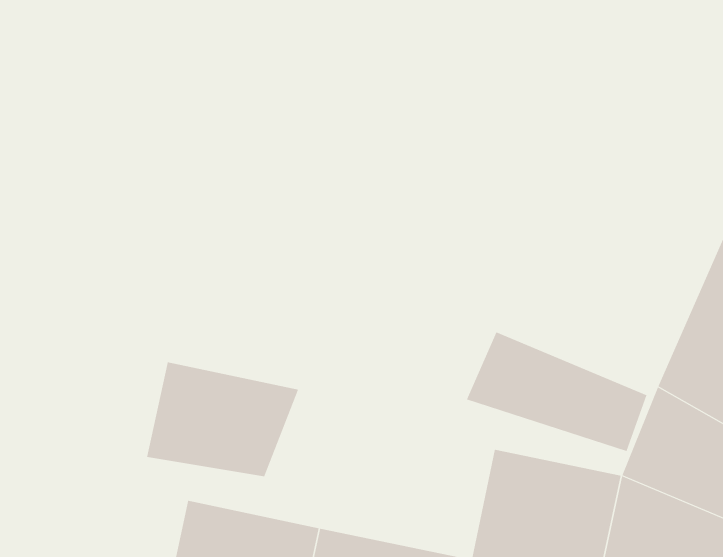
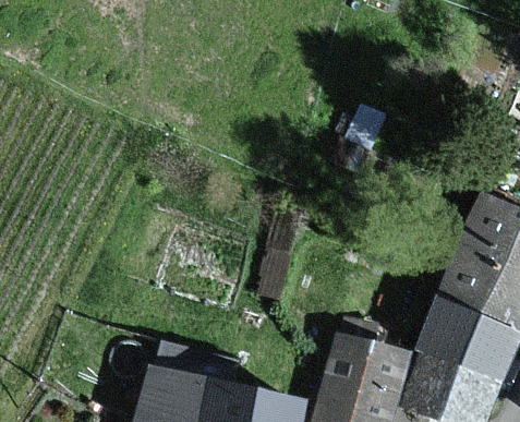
building: [466,331,647,452] -> none
building: [147,361,299,477] -> none

